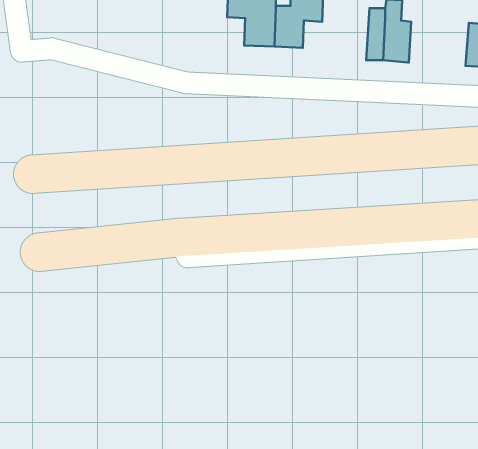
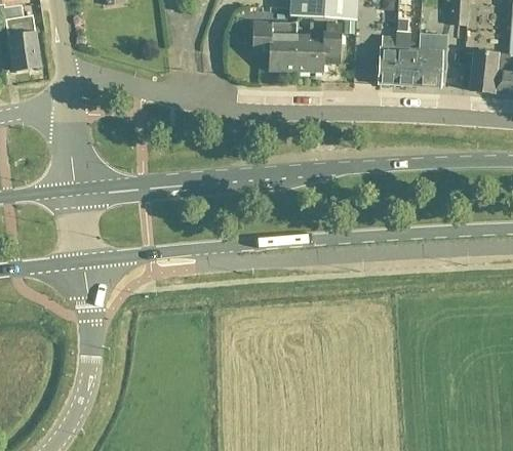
building: none -> [418,33,448,87]

